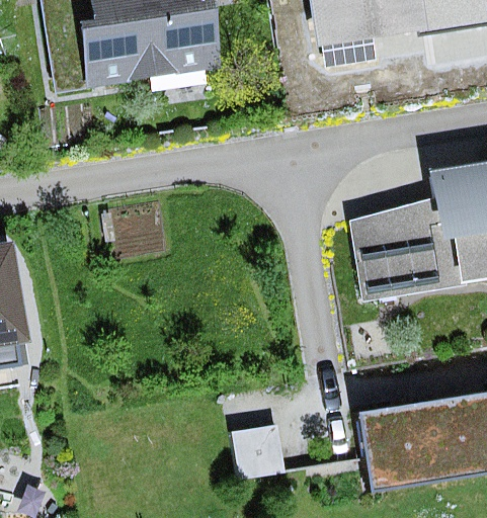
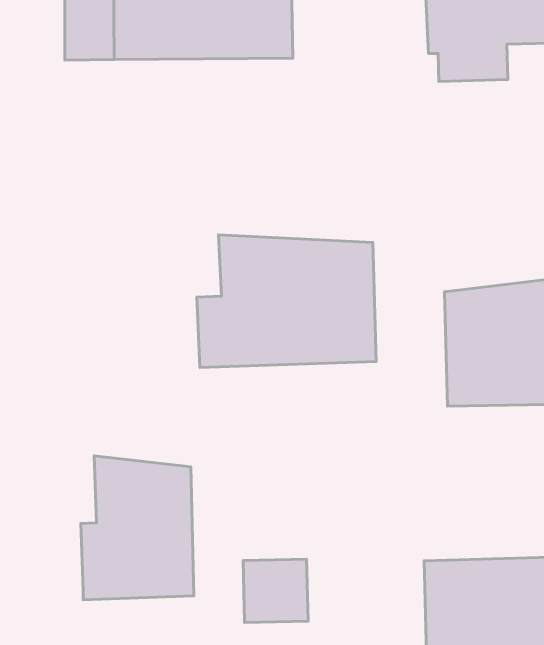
building: none -> [197,235,376,368]
building: none -> [81,456,194,600]

